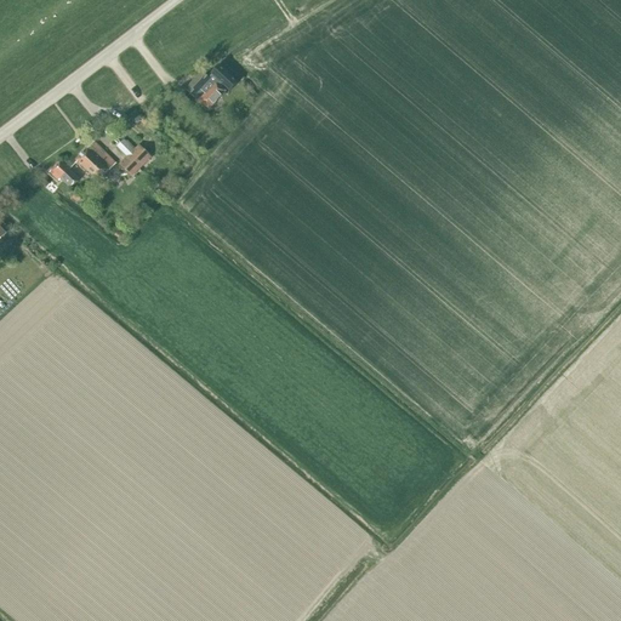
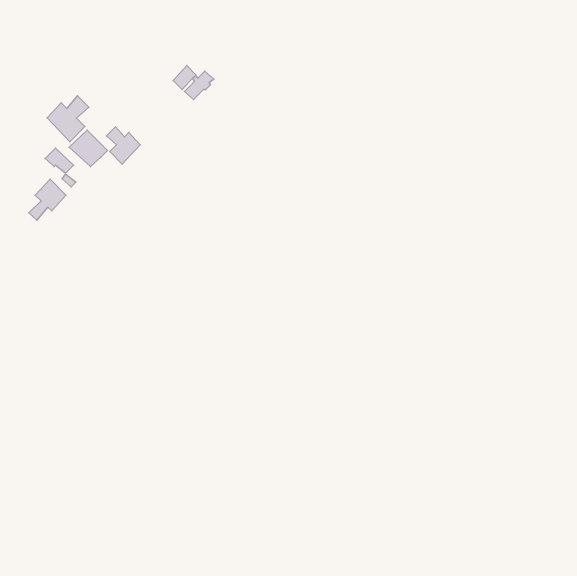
building: none -> [47,96,89,142]
building: none -> [29,179,66,220]

